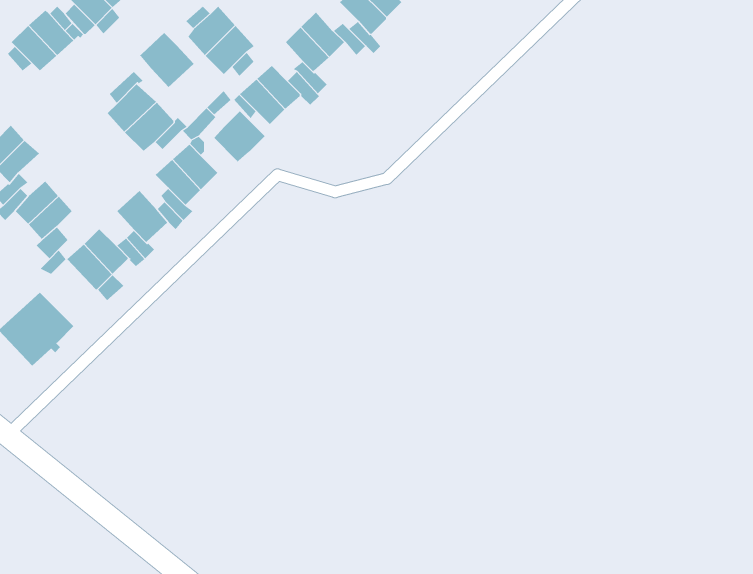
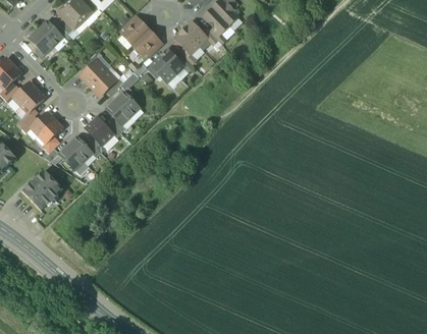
building: [139,32,195,88] -> none
building: [213,110,265,163] -> none

